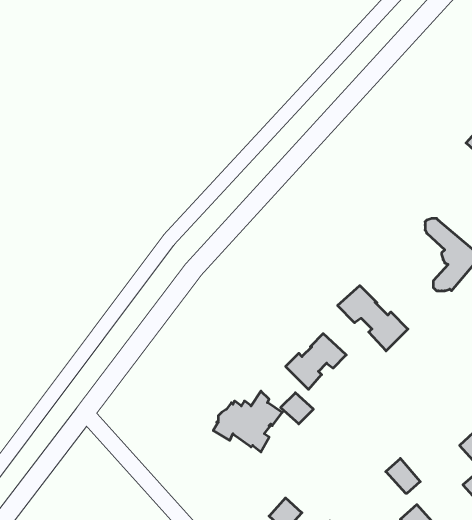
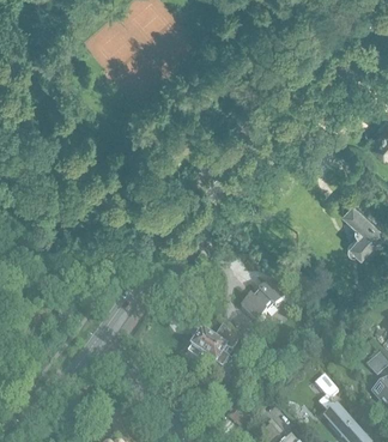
building: [338,286,408,351] -> none

